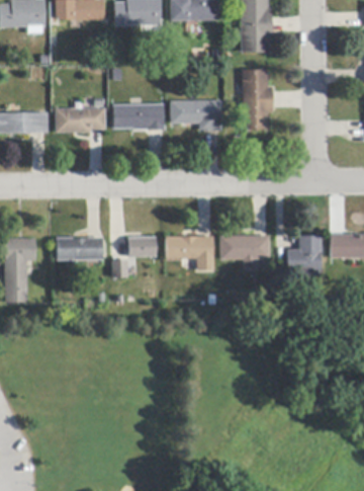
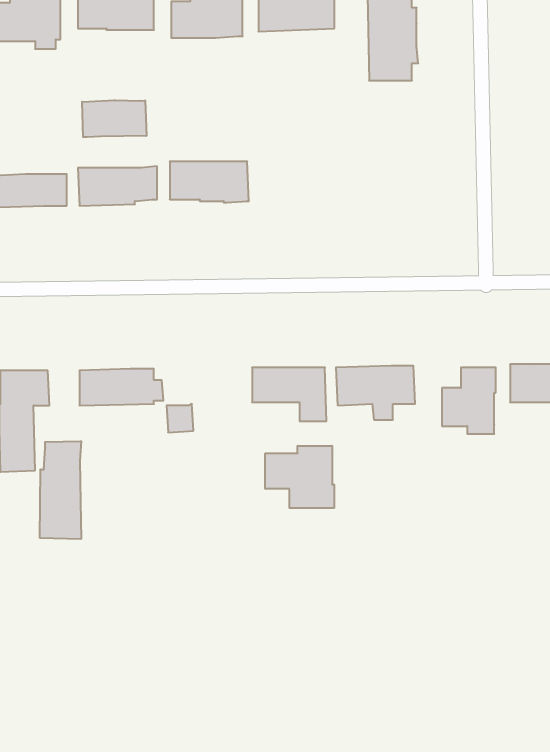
building: none -> [82,100,146,137]
building: [243,70,272,130] -> none
building: [170,100,221,131] -> none
building: [128,237,156,257] -> none
building: none -> [40,441,81,539]
building: none -> [265,446,334,508]

